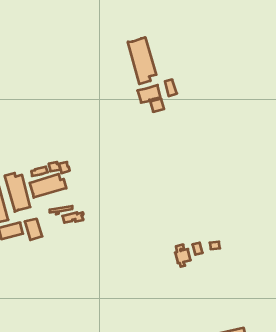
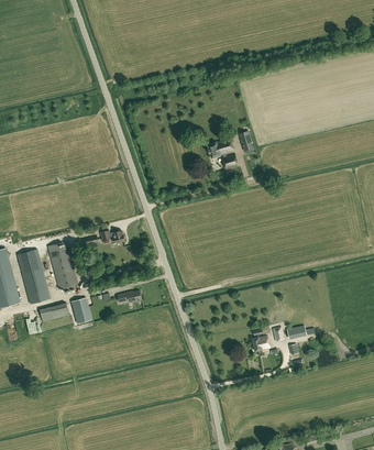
building: [128,37,156,84] -> none
building: [30,174,66,198] -> none

